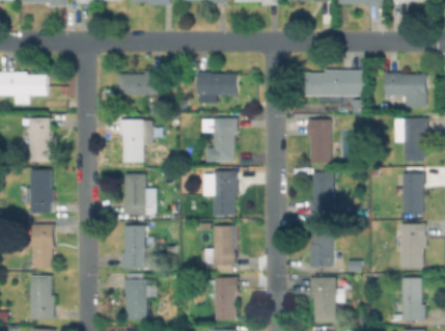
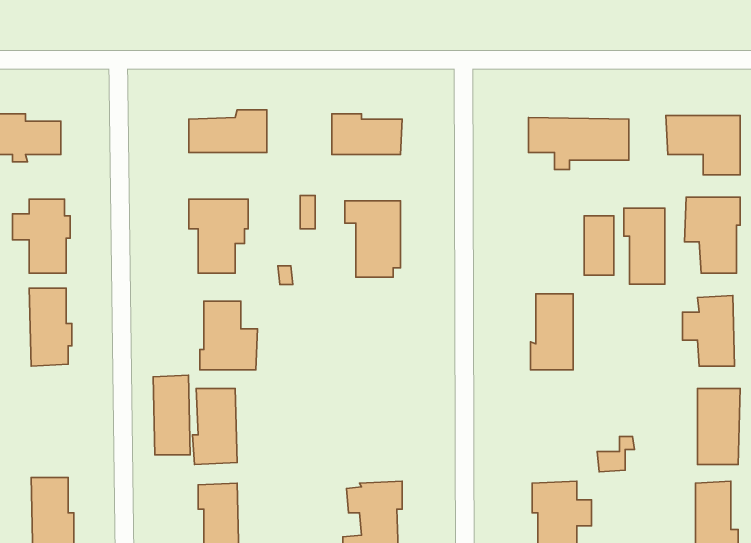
building: [308,119,331,162] -> [624,208,665,284]
building: [201,170,238,215] -> none
building: [204,220,233,266] -> none
building: [31,223,52,268] -> [153,375,190,455]
building: [309,227,341,267] -> none

